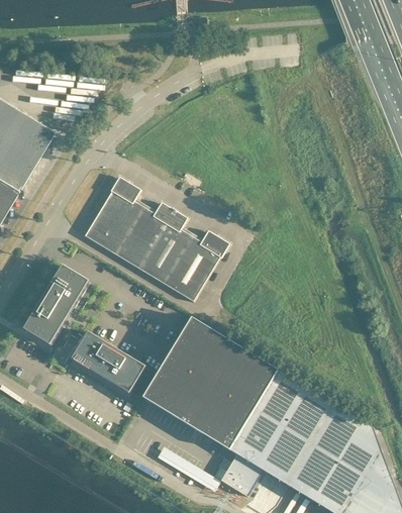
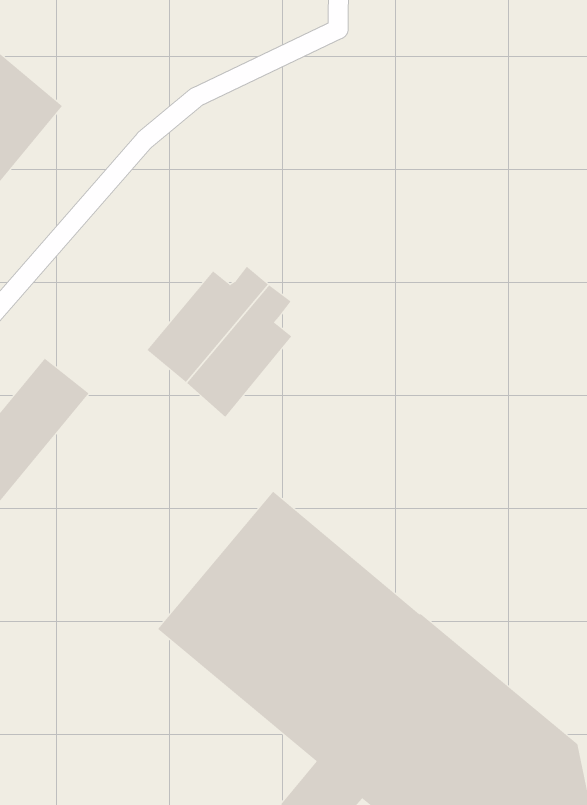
building: [83,177,142,253] -> none
building: [161,230,228,301] -> none
building: [71,331,143,393] -> none

